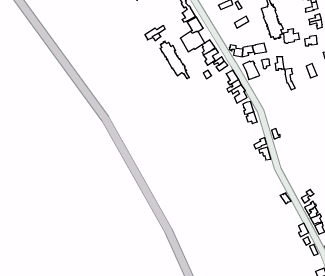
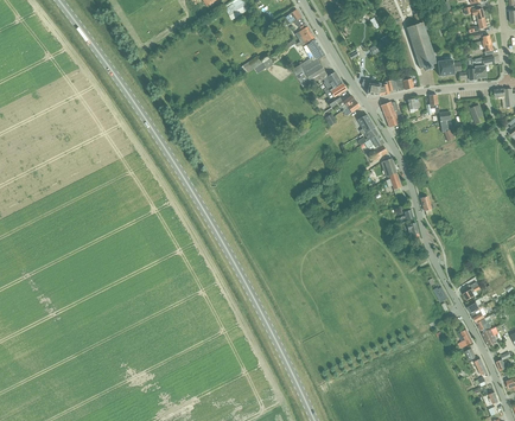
building: [160,41,189,79] -> none

